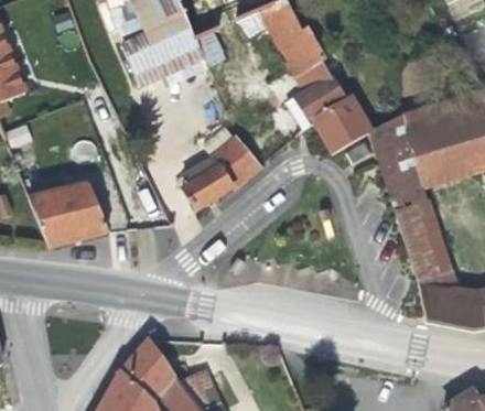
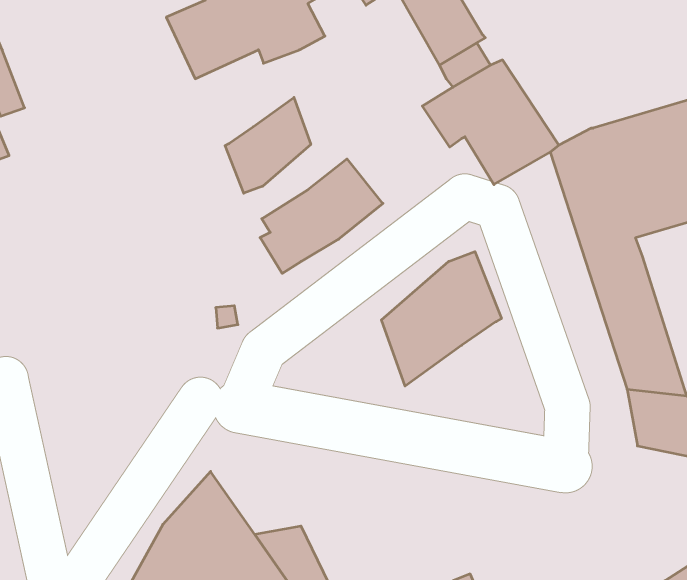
building: none -> [225,97,311,193]
building: [29,183,108,247] -> none
building: none -> [381,252,501,386]

